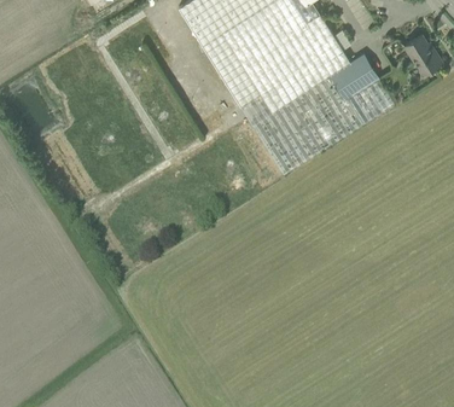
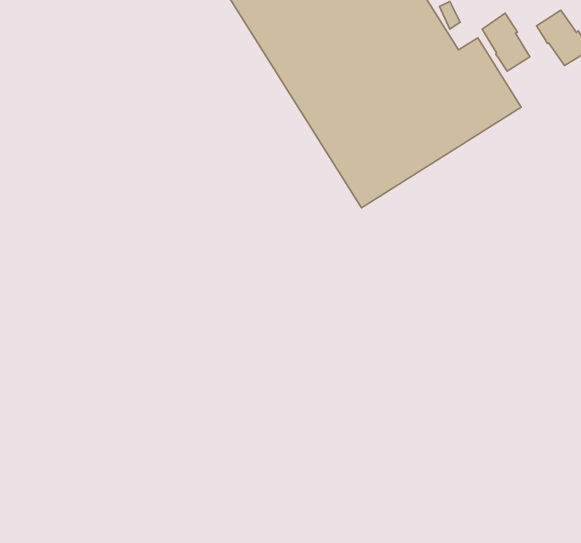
building: none -> [482,13,530,71]

